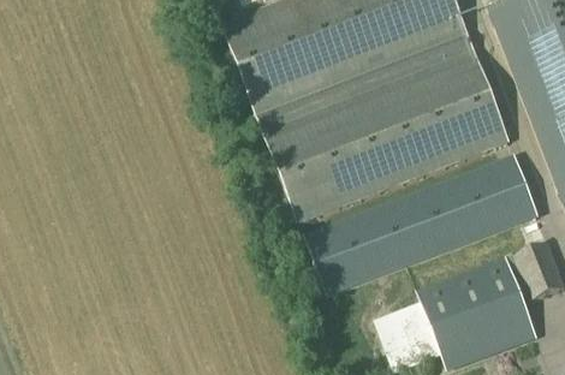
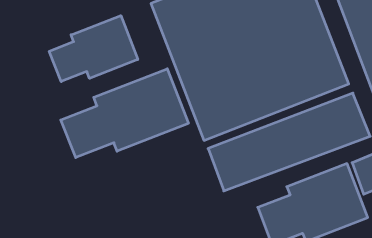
building: none -> [49,16,138,82]
building: none -> [61,69,188,158]

